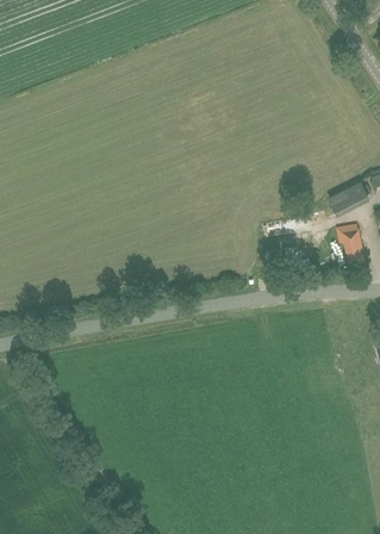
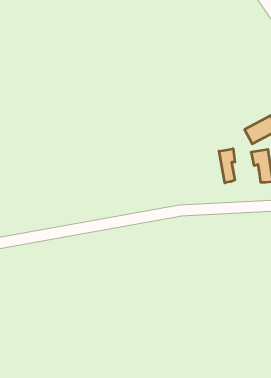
building: none -> [219,149,235,183]

